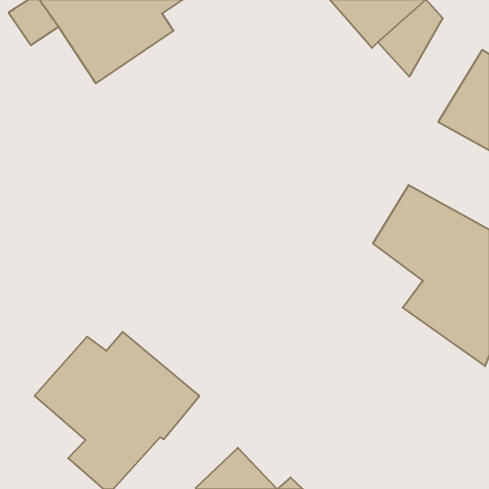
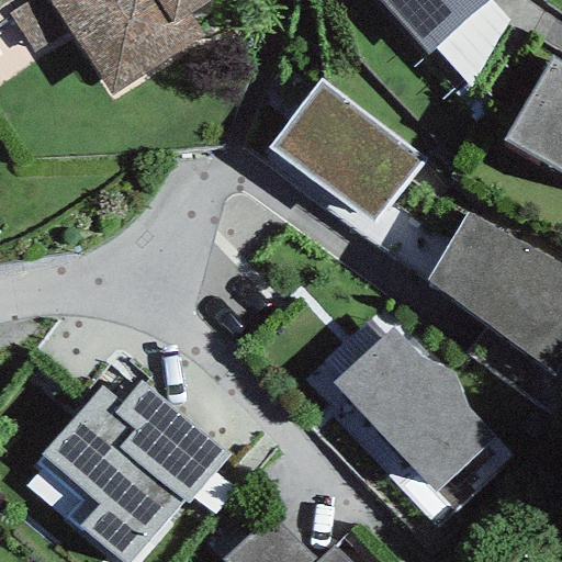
building: none -> [268,78,426,226]
building: none -> [333,327,494,493]

